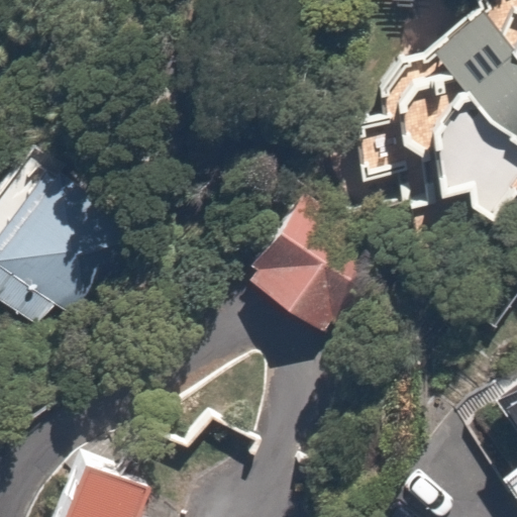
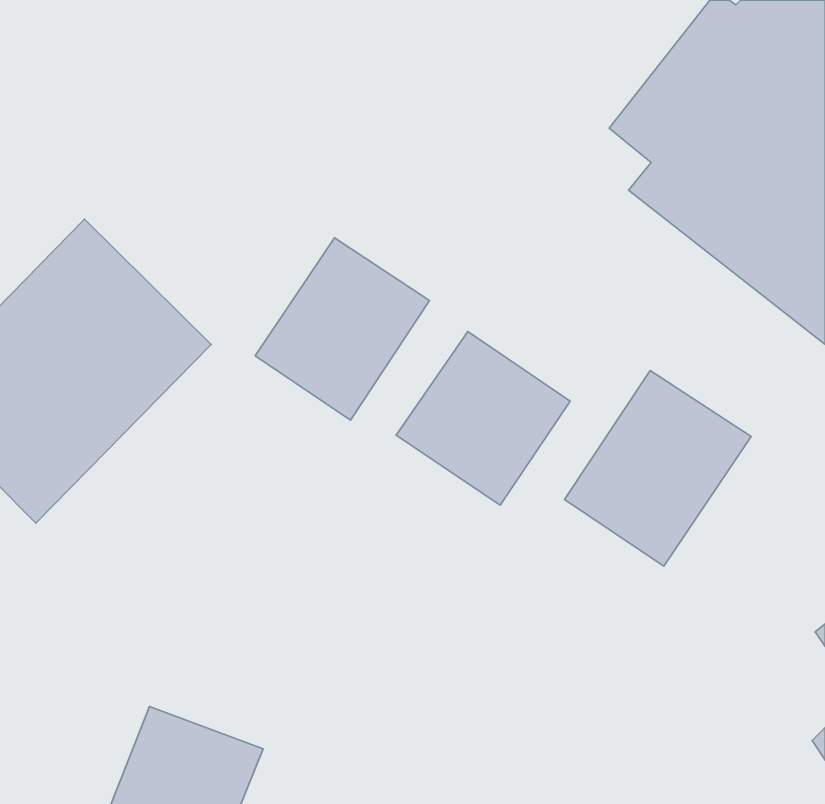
building: none -> [255,238,430,420]
building: none -> [565,371,751,566]

